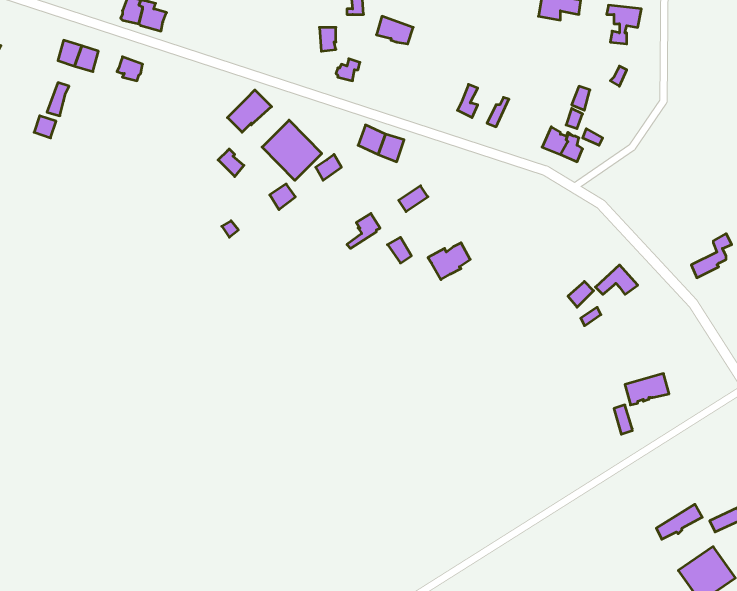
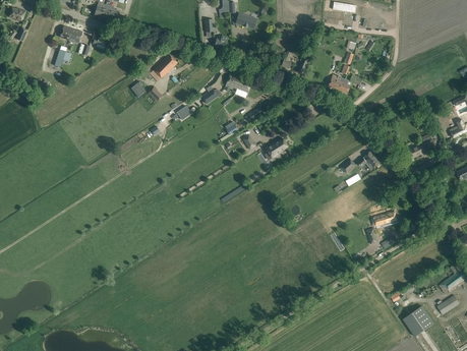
building: [262,120,322,180] -> none

